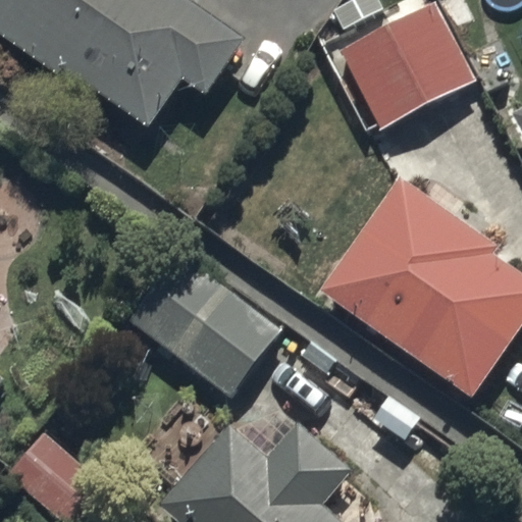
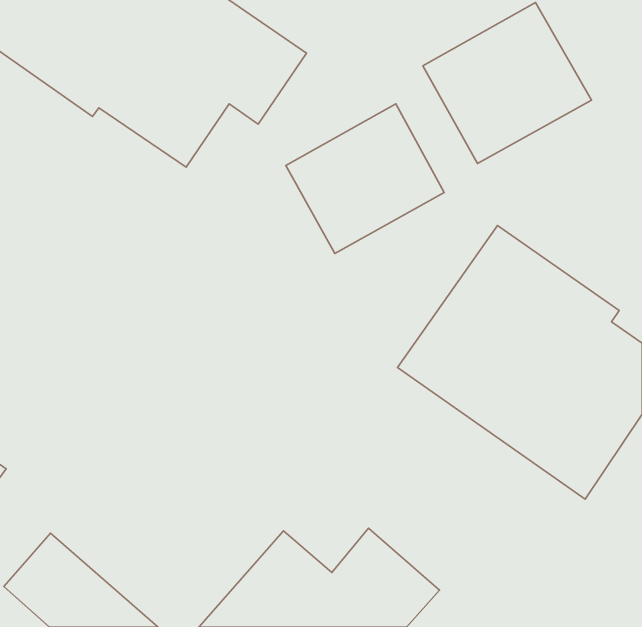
building: none -> [286,104,444,253]
building: [132,257,280,398] -> none

